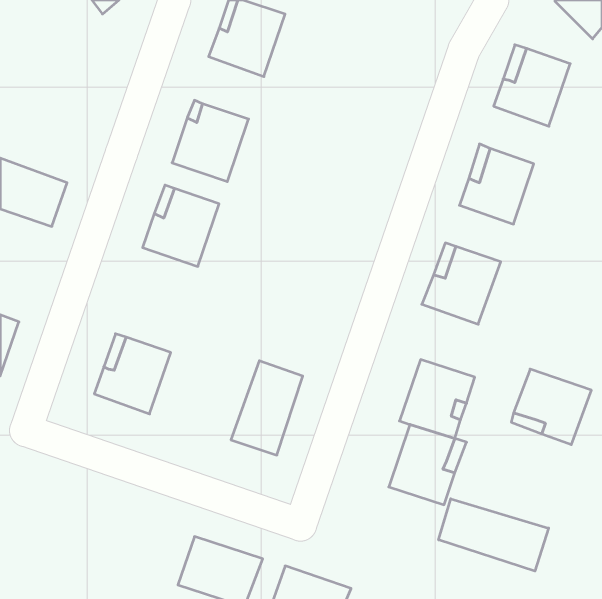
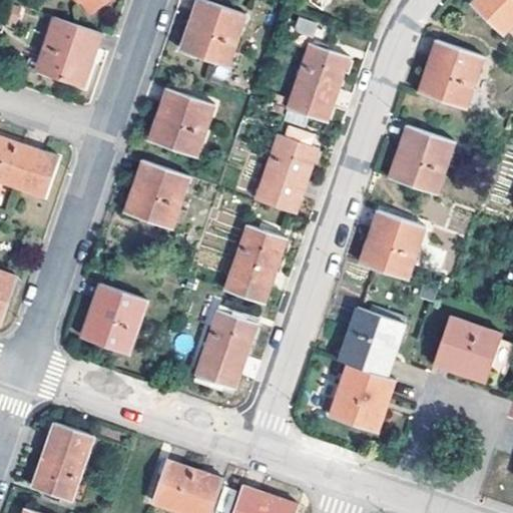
building: none -> [33,19,97,86]
building: none -> [289,45,349,123]
building: none -> [256,135,318,213]
building: none -> [225,226,287,304]
building: none -> [31,422,91,499]
building: [439,499,549,571] -> none

